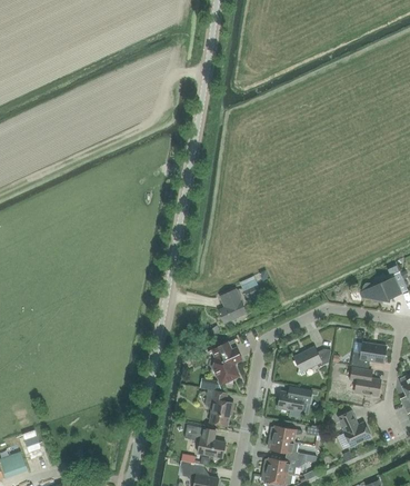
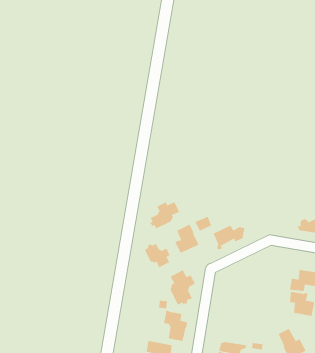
building: none -> [150,202,180,229]
building: none -> [144,243,170,268]
building: [293,347,331,376] -> [213,225,245,250]
building: [278,388,312,413] -> none

